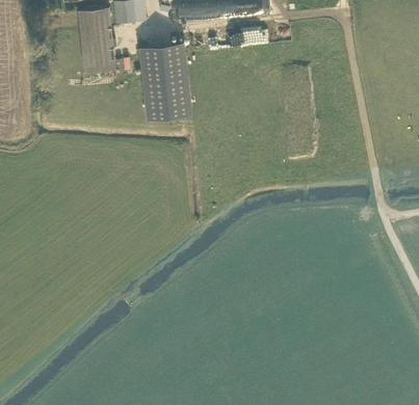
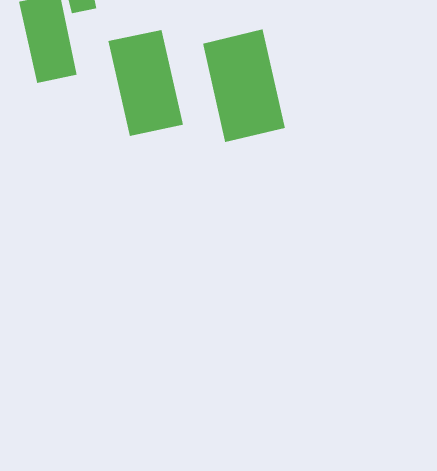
building: none -> [202,29,285,143]

